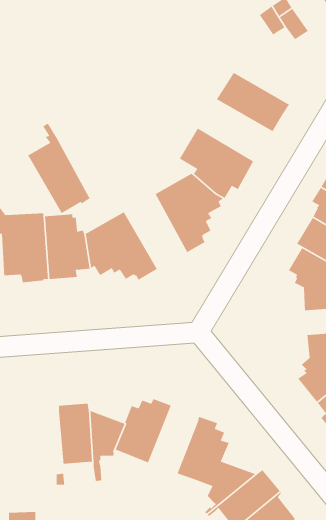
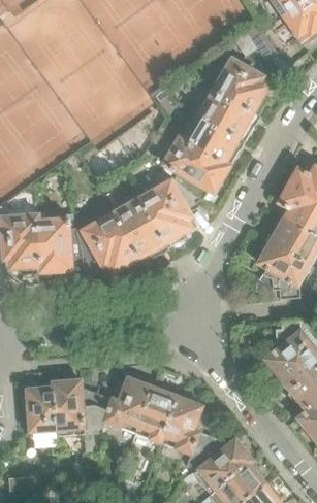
building: none -> [209,55,267,114]
building: none -> [177,111,244,167]
building: [27,123,91,214] -> [112,181,168,263]
building: none -> [133,382,177,443]
building: none -> [21,388,57,437]

